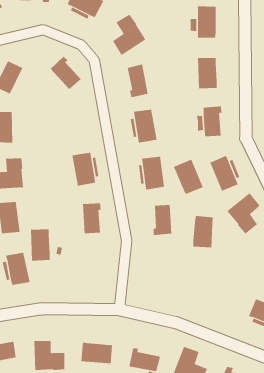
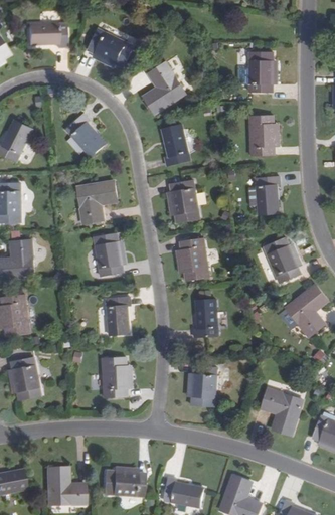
building: none -> [76,180,117,223]
building: [173,159,203,195] -> none
building: [193,215,214,248] -> [190,365,216,405]
building: [30,229,50,261] -> [102,357,127,397]
building: none -> [261,388,303,435]

